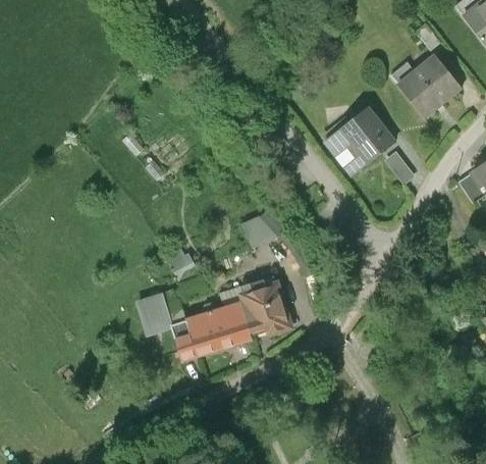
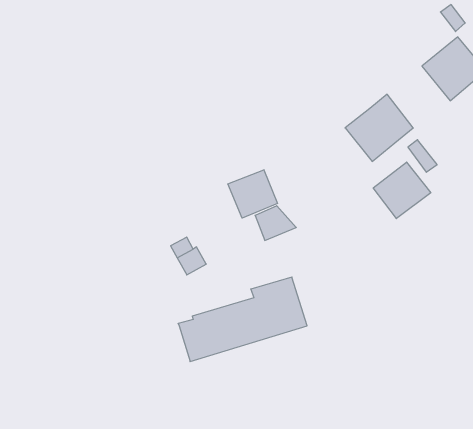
building: none -> [373,162,431,219]
building: none -> [228,170,277,218]
building: [138,298,184,336] -> none

